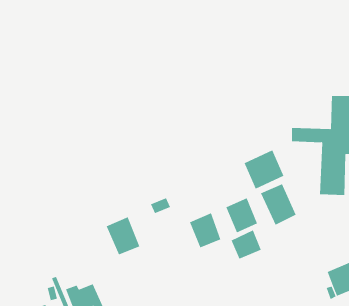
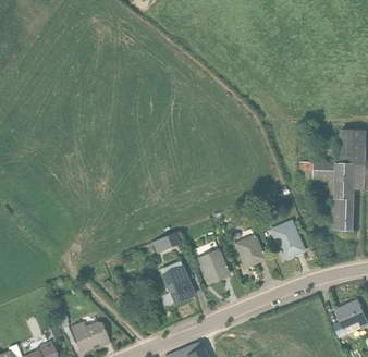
building: [244,149,284,189] -> none
building: [106,216,140,255] -> [161,264,196,304]
building: [231,229,262,260] -> none

